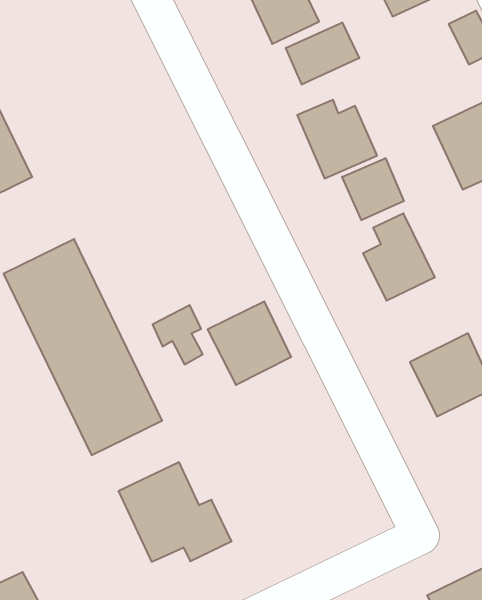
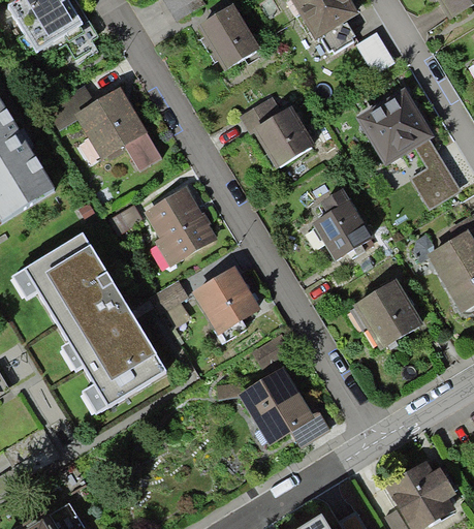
building: [286,22,359,85] -> none
building: none -> [44,77,159,165]
building: [342,158,404,220] -> none
building: none -> [144,184,216,257]
building: [118,462,232,562] -> [240,368,331,447]

